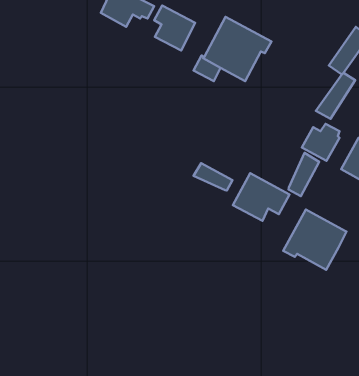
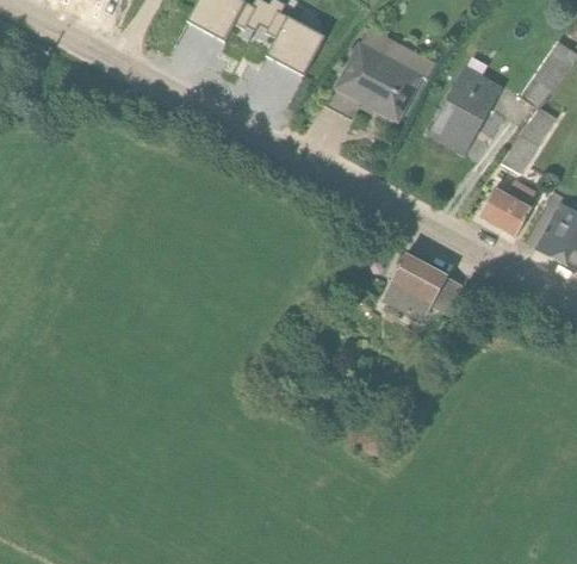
building: none -> [428,66,503,153]
building: [289,153,319,196] -> none
building: [193,163,232,191] -> none
building: [283,209,347,270] -> none

